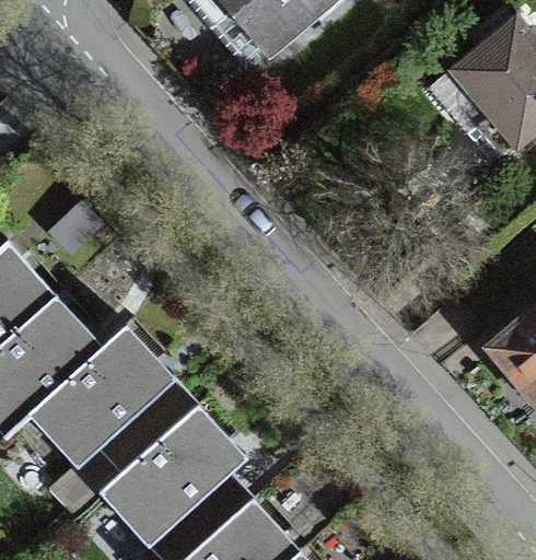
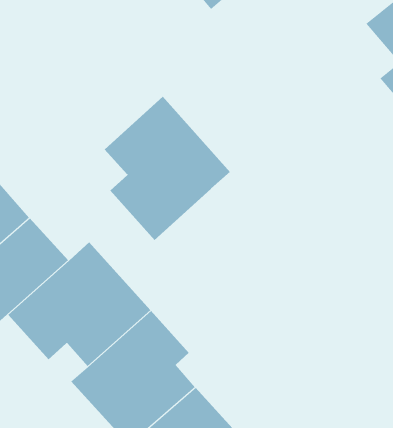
building: none -> [104,96,231,241]

